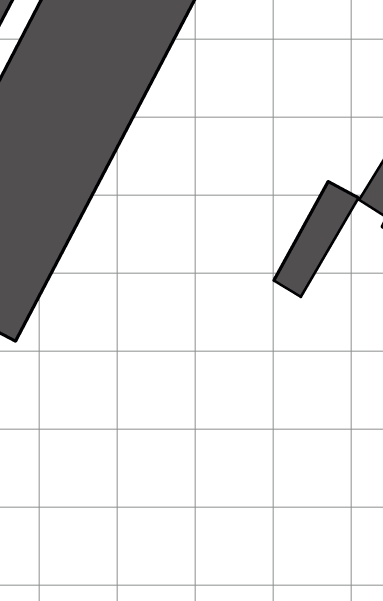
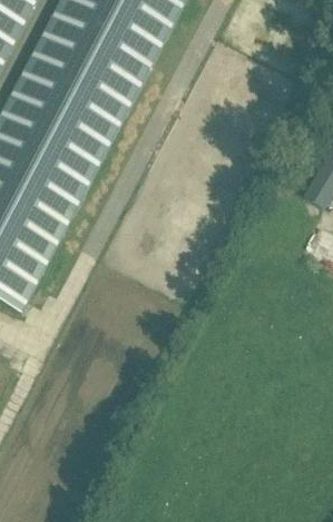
building: [274,182,358,297] -> none

